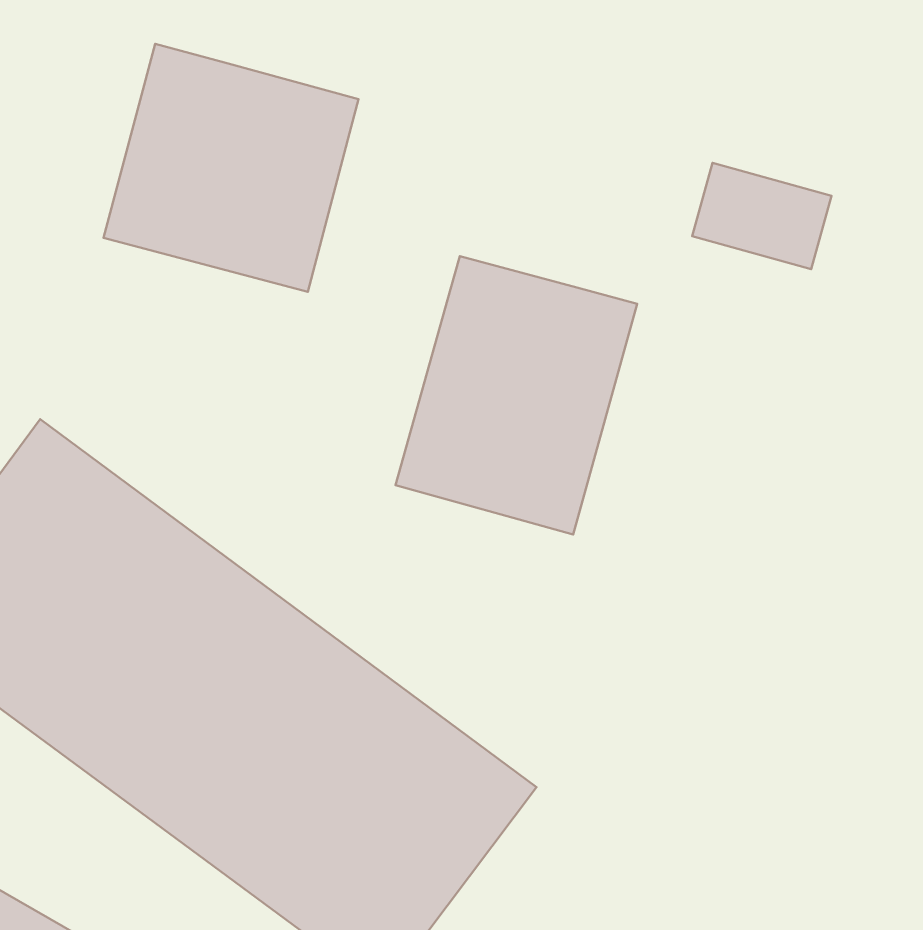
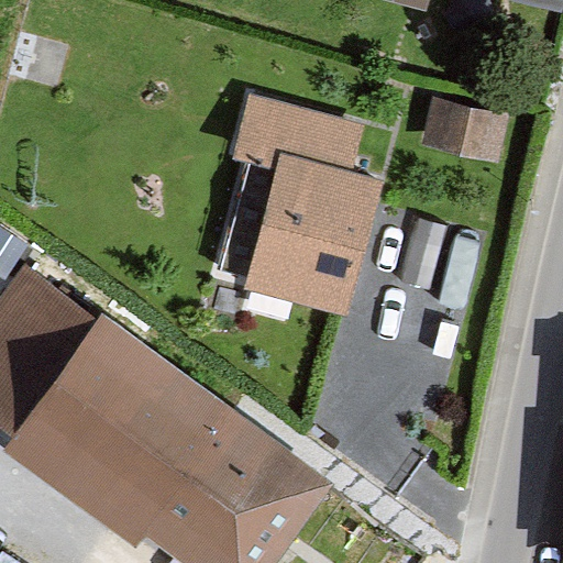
building: [104,44,358,292] -> none
building: none -> [229,101,358,177]

